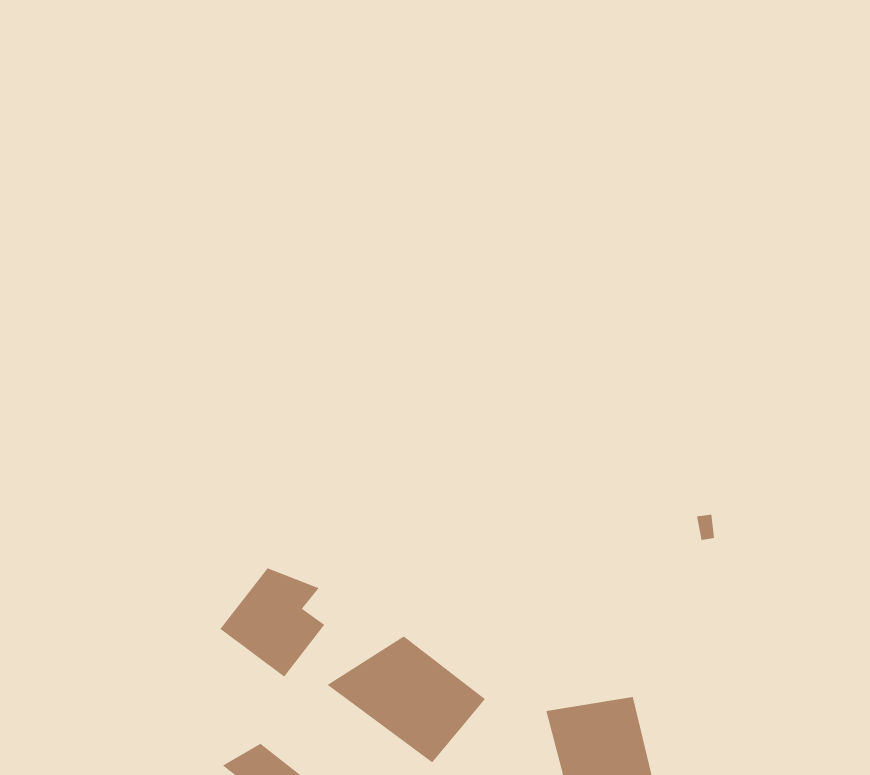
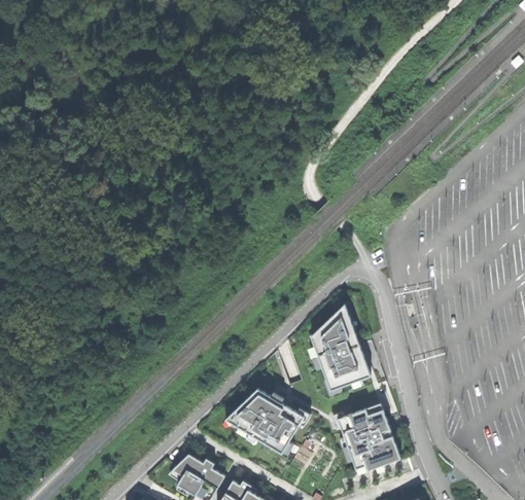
building: none -> [311,306,367,388]
building: [220,567,325,677] -> none

